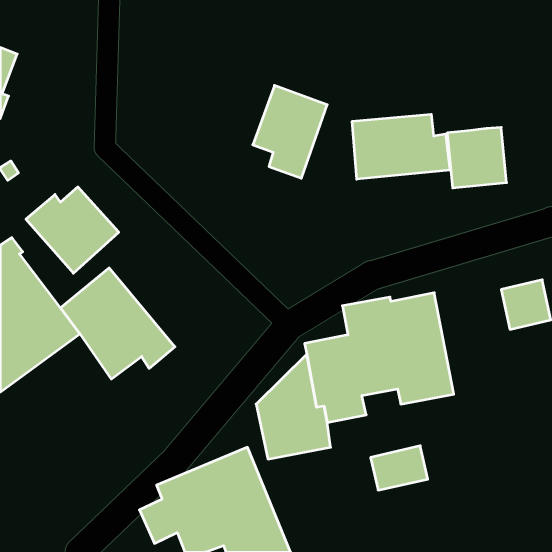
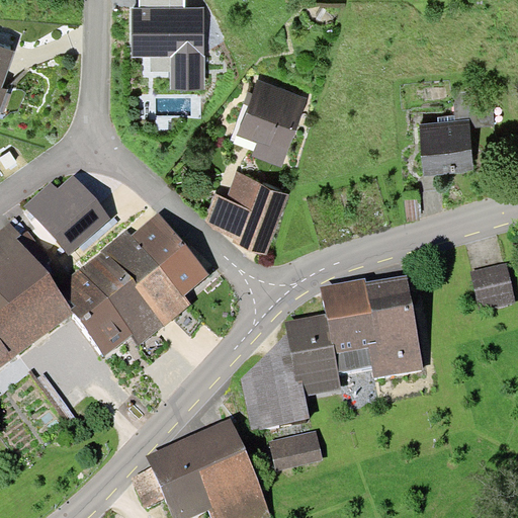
building: none -> [132,7,205,90]
building: [352,114,450,179] -> none
building: none -> [204,172,290,255]
building: none -> [102,213,209,326]
building: [371,446,428,490] -> [269,430,323,471]

